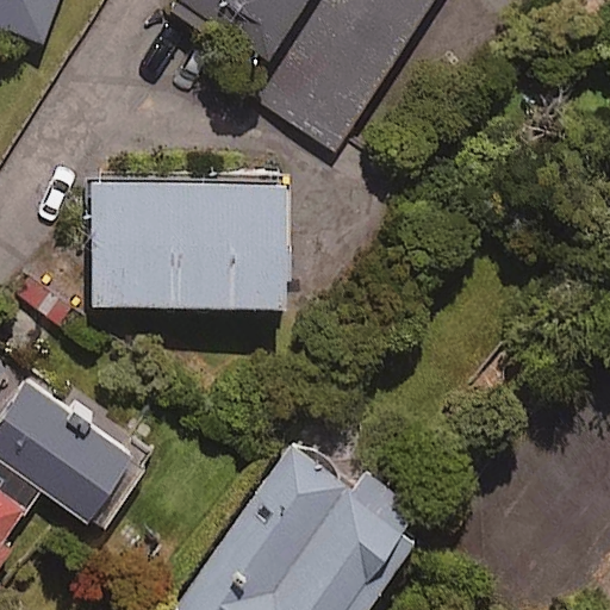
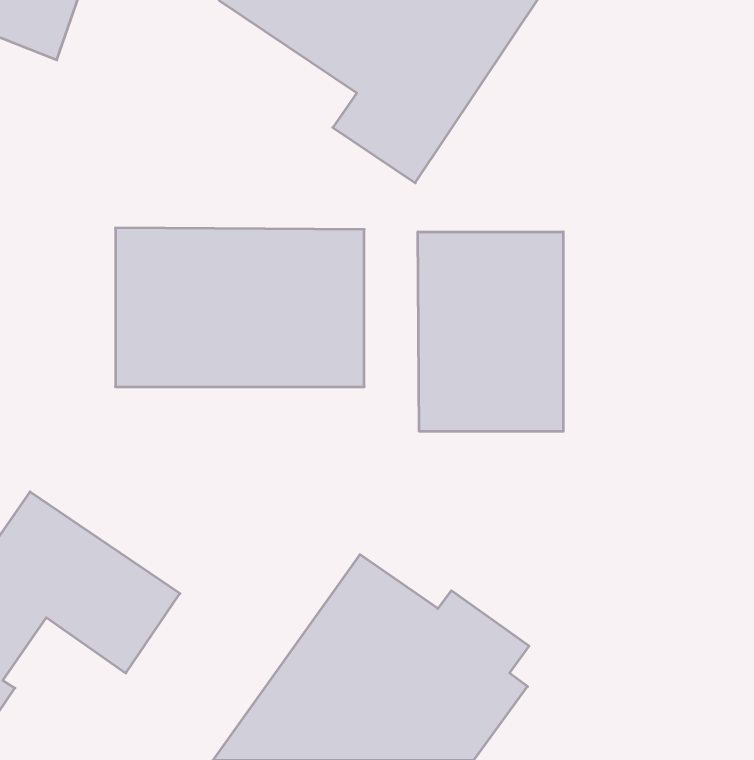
building: none -> [418,232,563,431]

